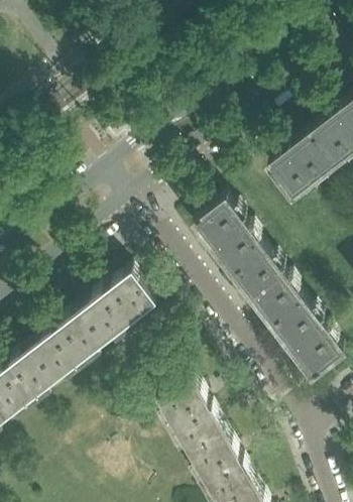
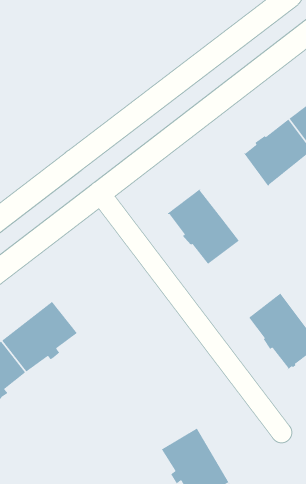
building: [232,253,303,328] -> none
building: [81,273,154,343] -> none
building: [154,380,222,456] -> none

